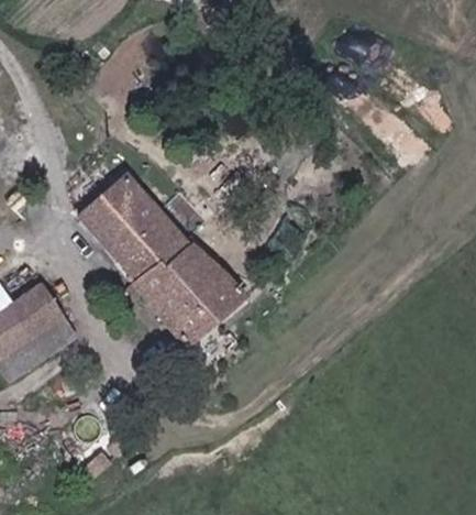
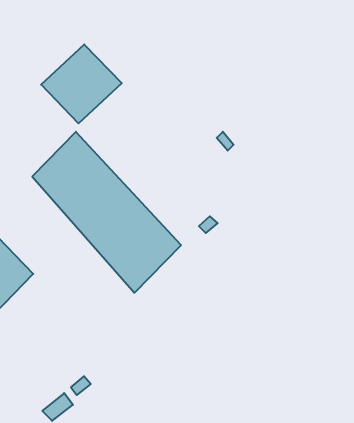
building: none -> [41,44,122,123]

